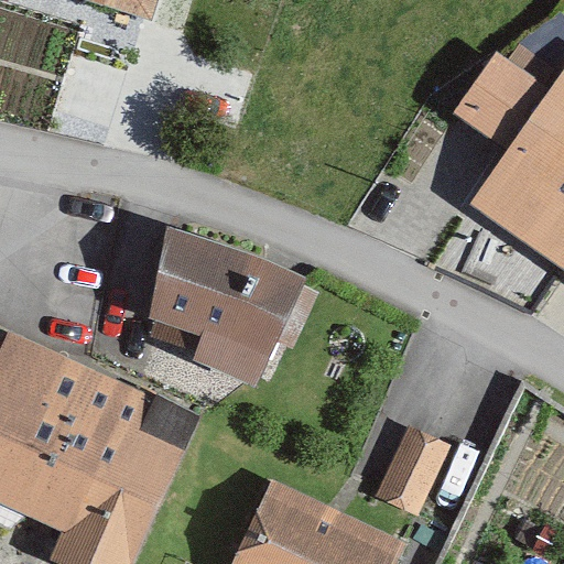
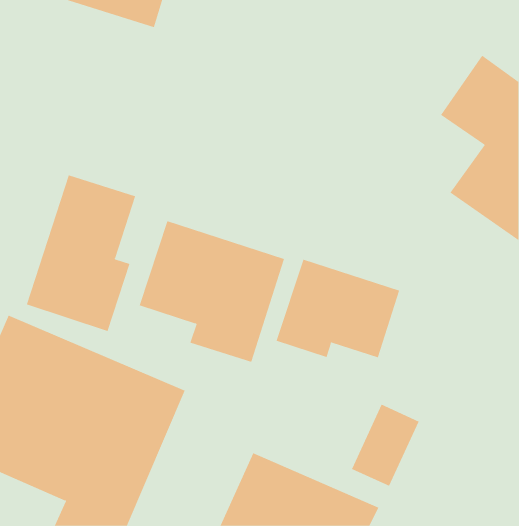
building: none -> [26,174,136,332]
building: none -> [276,259,400,358]

